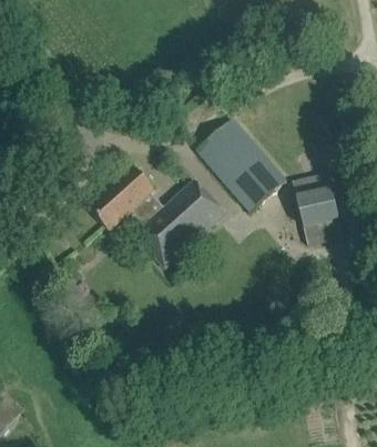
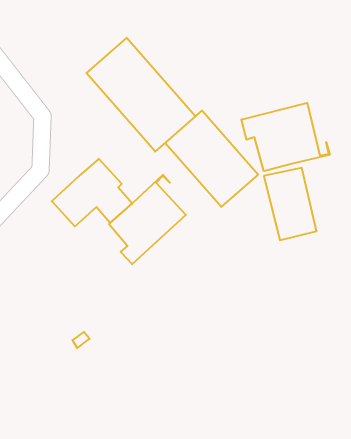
building: none -> [86,38,195,152]
building: none -> [241,103,330,171]

